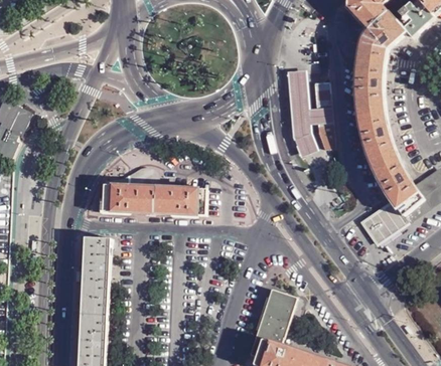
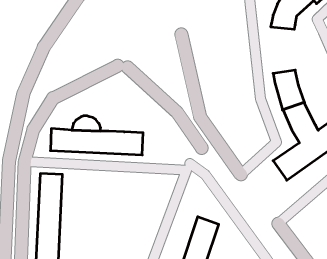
building: [354,63,385,119] -> none
building: [286,69,333,157] -> none

